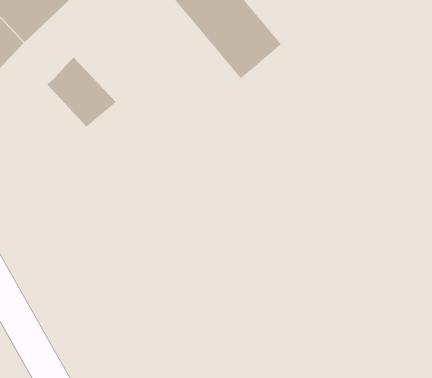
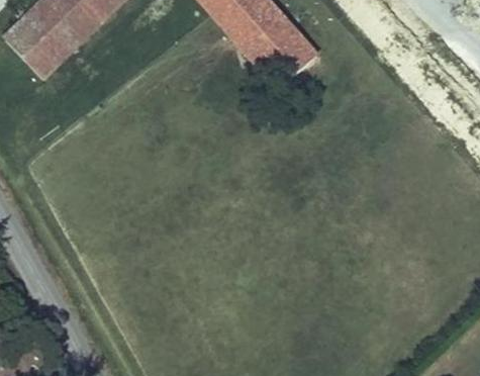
building: [46,57,117,128] -> none

